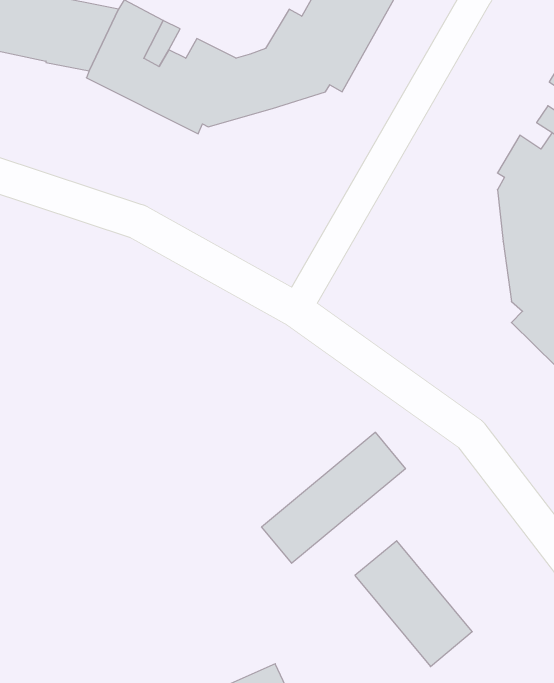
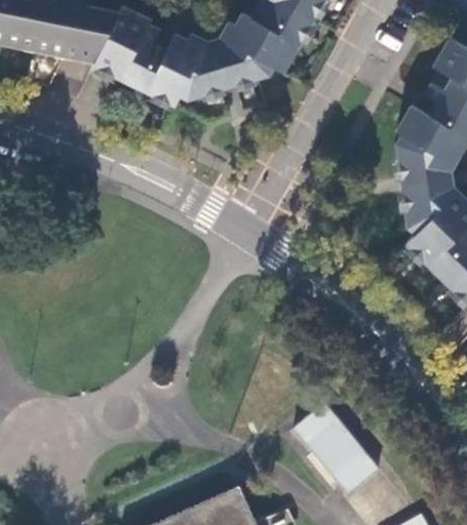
building: [262,432,405,563] -> none

